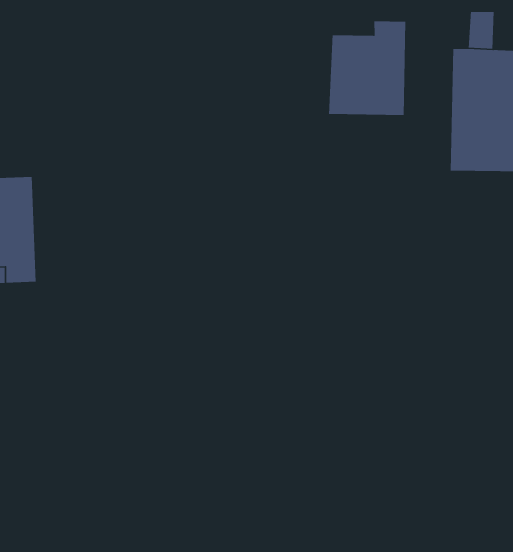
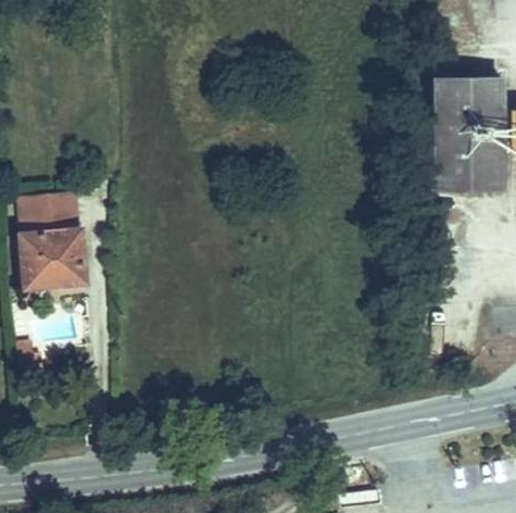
building: [328,20,406,116] -> none

